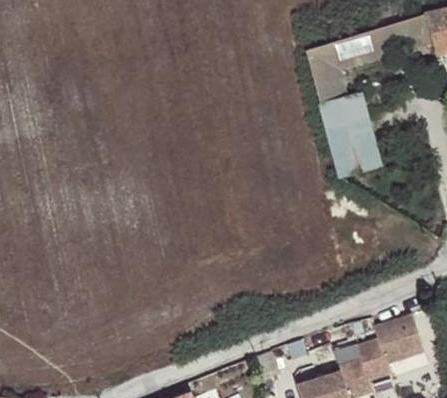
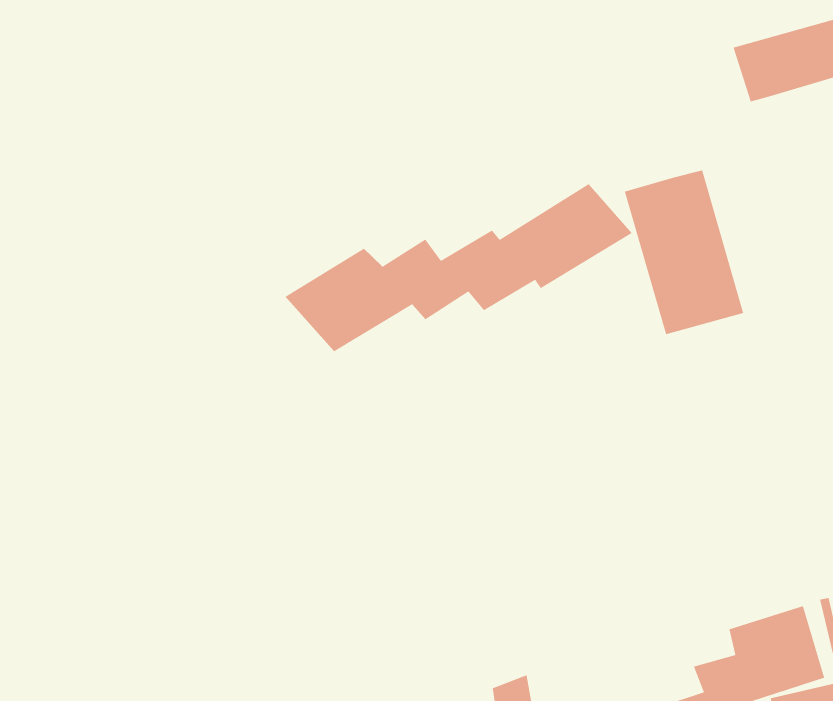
building: [306,29,384,102] -> none
building: none -> [284,183,633,352]

